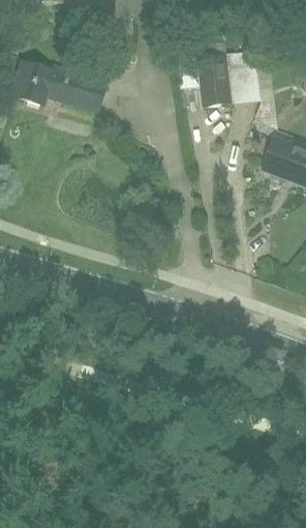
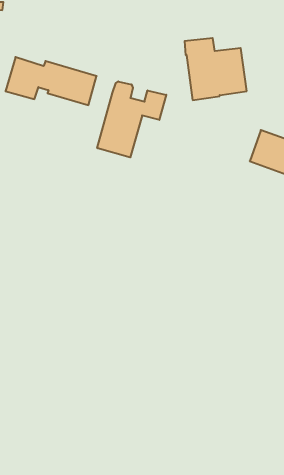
building: none -> [97,81,166,157]

